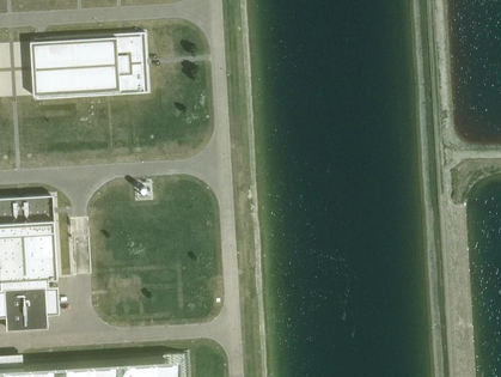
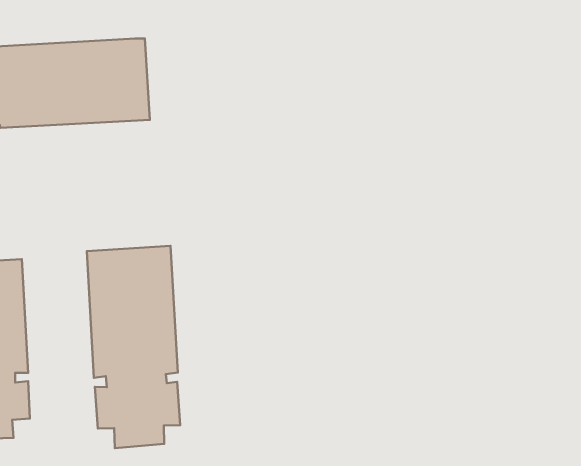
building: none -> [87,246,180,448]

